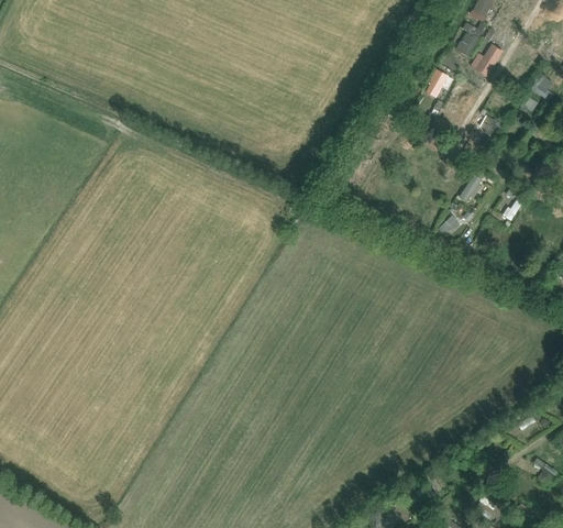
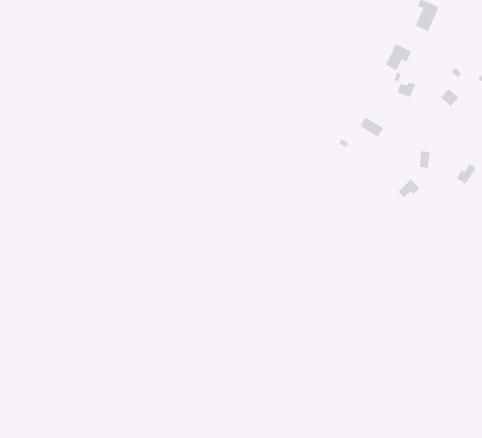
building: [467,43,504,77] -> none

